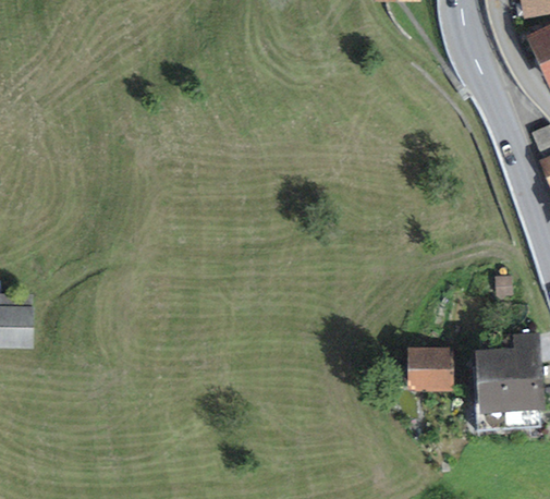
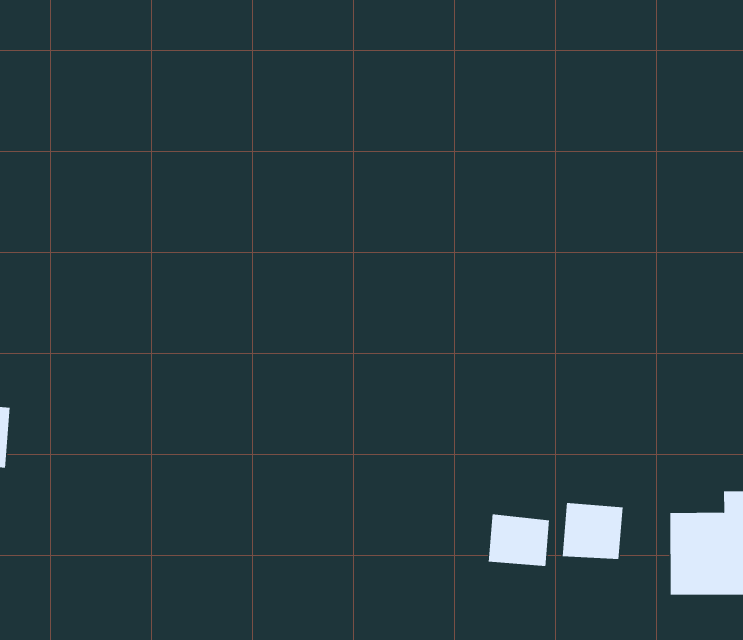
building: none -> [488,514,550,567]

